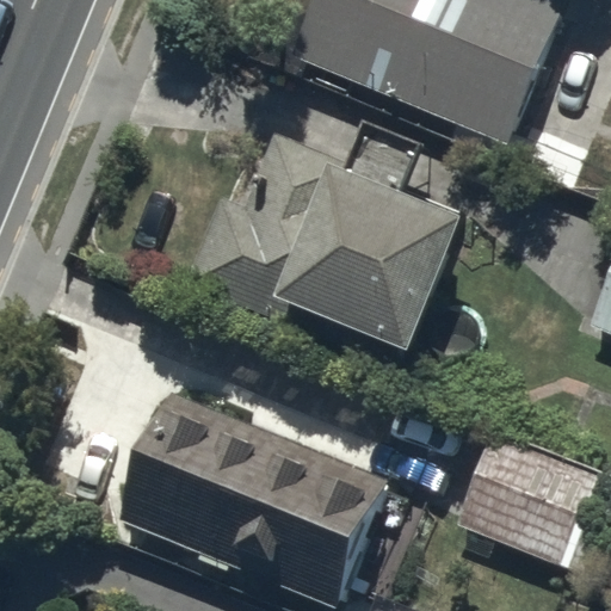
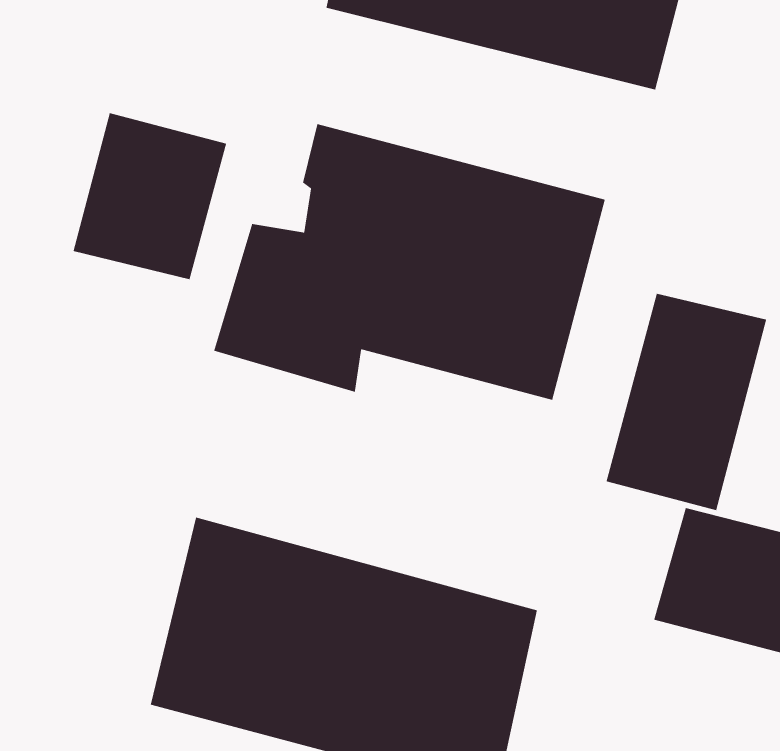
building: none -> [73,112,227,280]
building: none -> [606,293,767,511]

